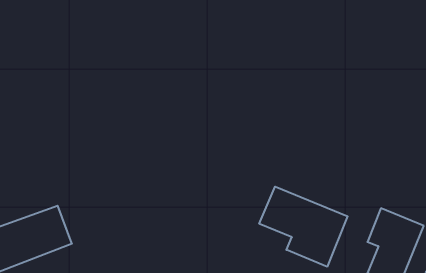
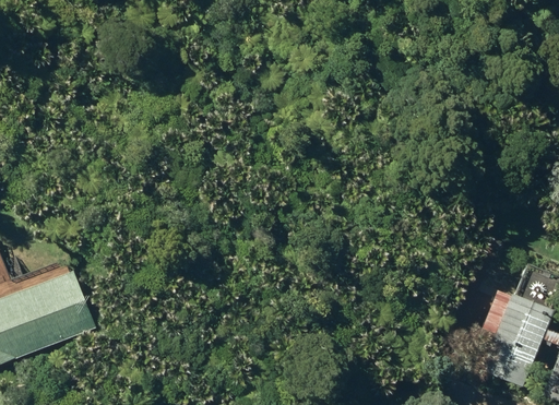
building: [259,187,348,267] -> none

